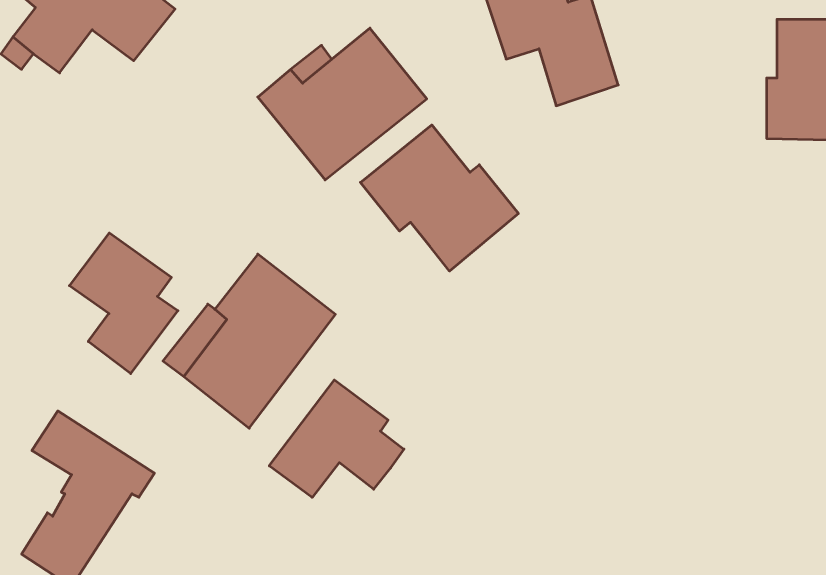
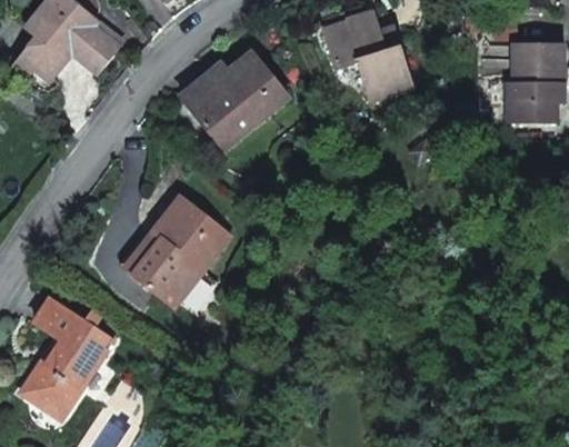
building: [360,125,518,271] -> none
building: [69,233,178,374] -> none
building: [269,380,404,497] -> none

